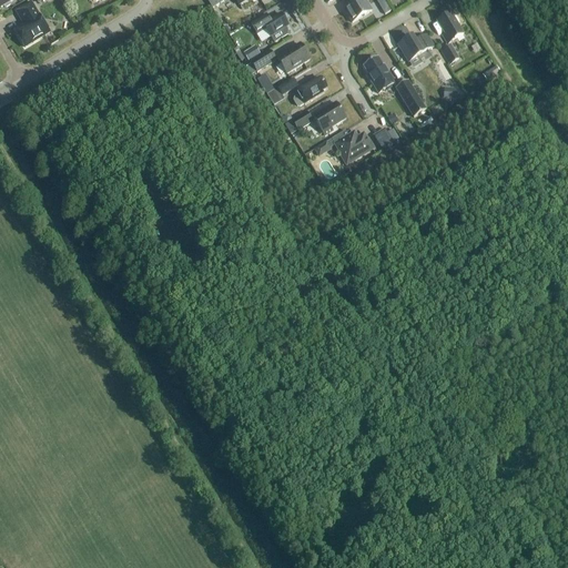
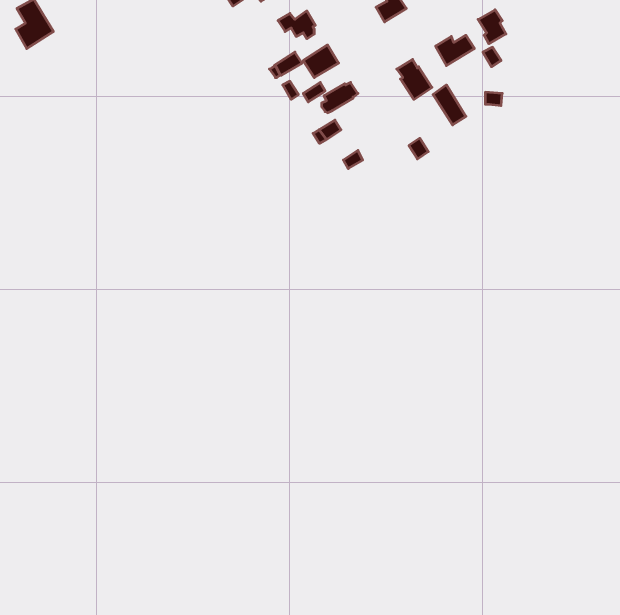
building: [313,100,346,132] -> none
building: [335,130,372,162] -> none

